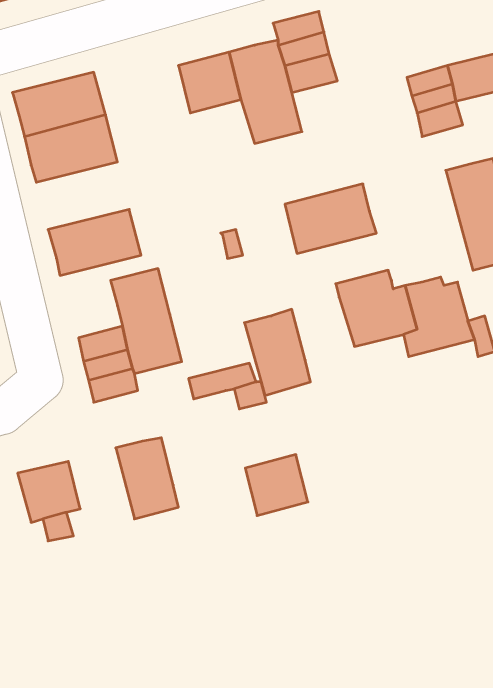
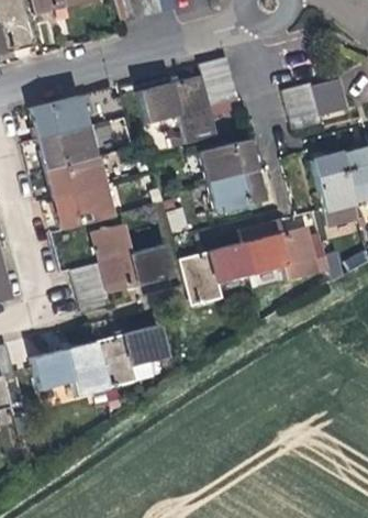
building: none -> [199,140,257,181]
building: none -> [45,154,105,198]
building: none -> [211,242,252,283]
building: none -> [132,244,172,284]
building: none -> [66,340,109,394]
building: [245,455,308,516] -> [126,324,167,364]

